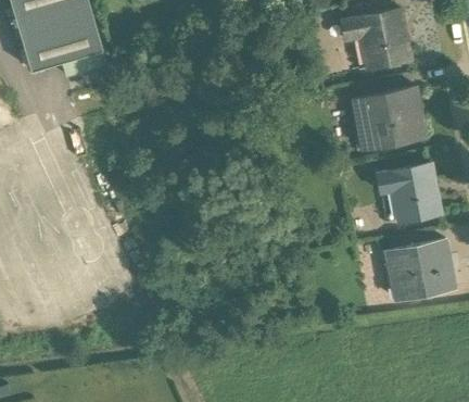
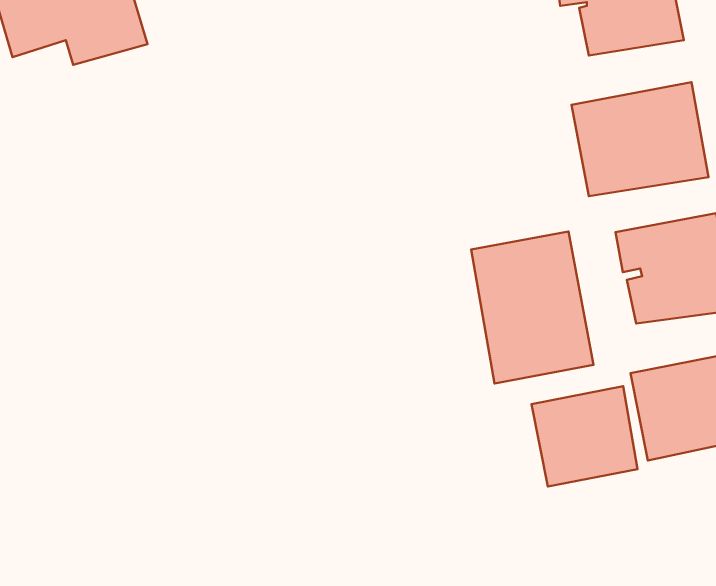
building: none -> [471,231,594,384]
building: none -> [532,386,638,487]

